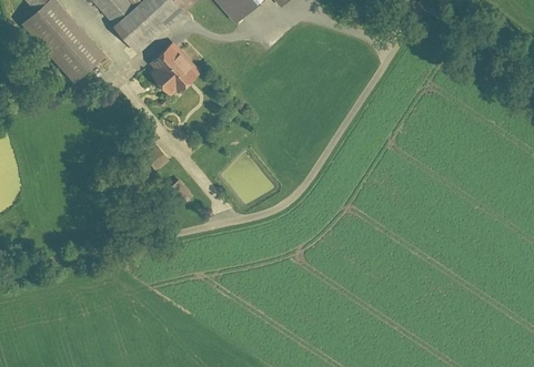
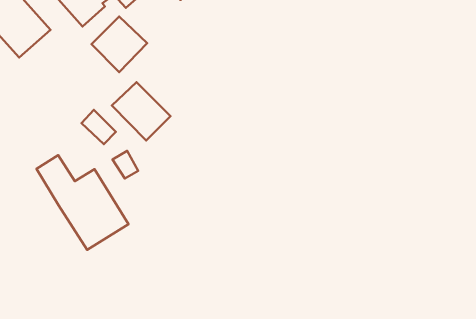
building: none -> [112,82,170,141]
building: none -> [37,155,128,250]

